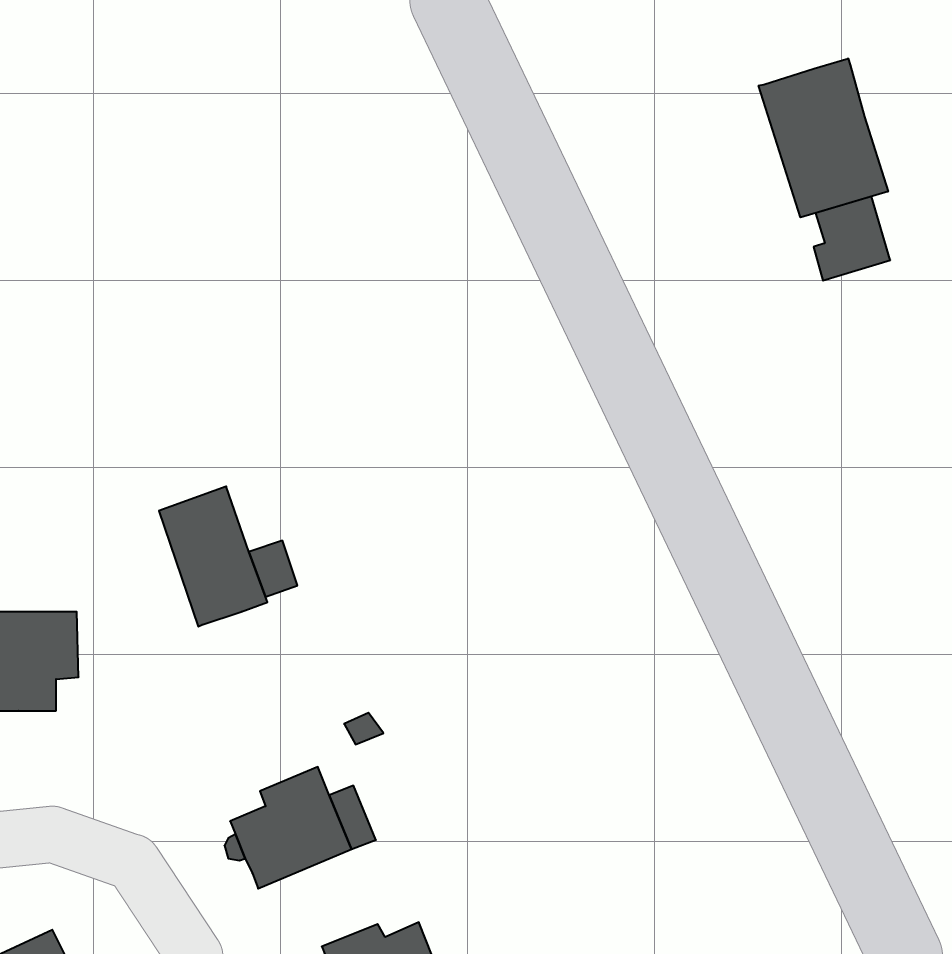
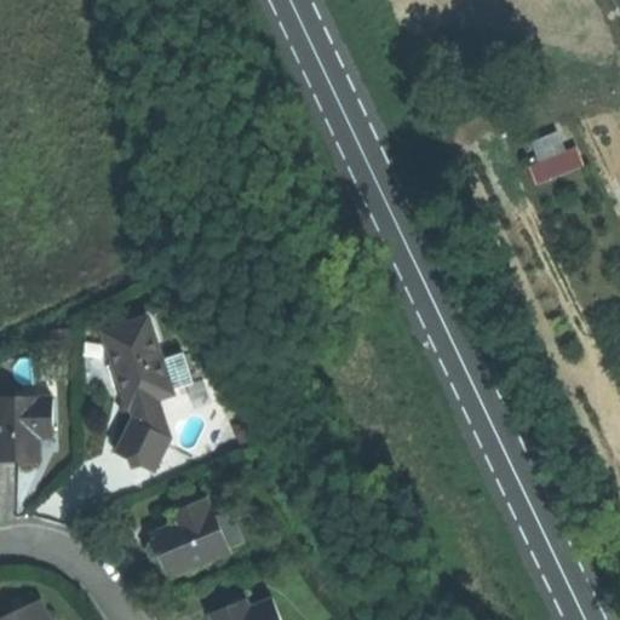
building: [759,58,888,217] -> none
building: none -> [117,397,171,469]

